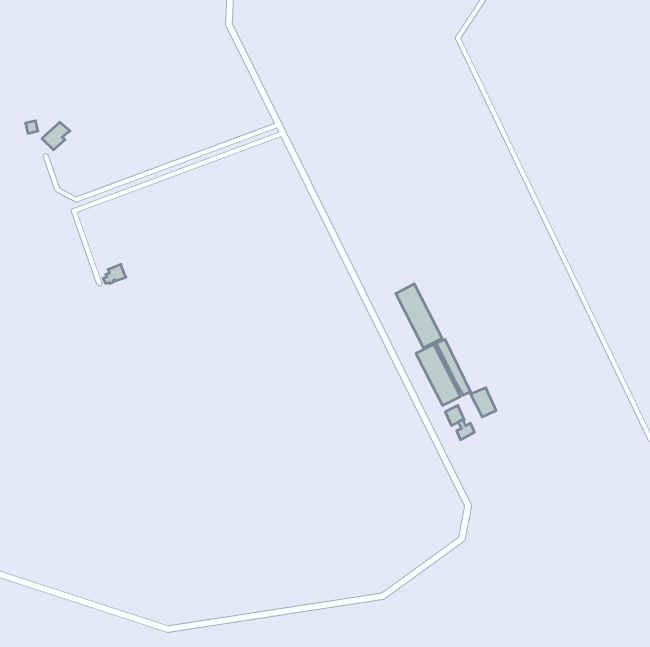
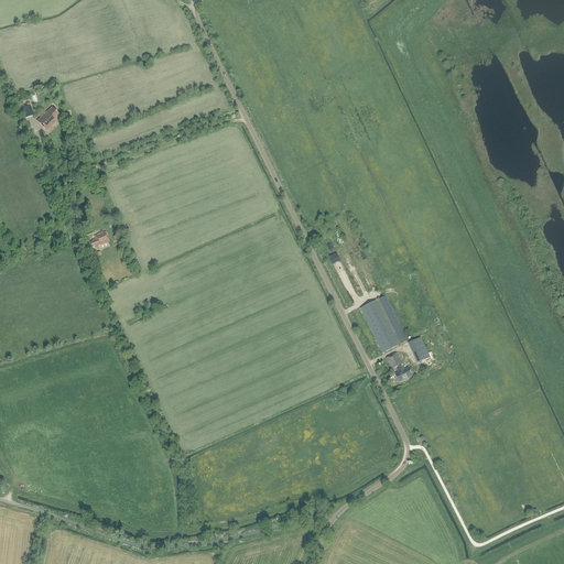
building: [396,284,442,348] -> none

